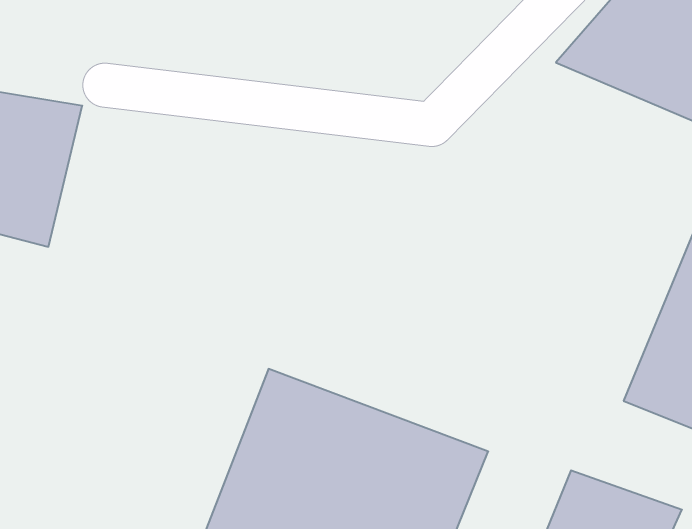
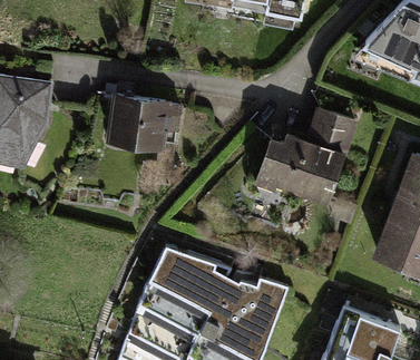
building: none -> [100,90,186,150]
building: none -> [252,107,354,200]

